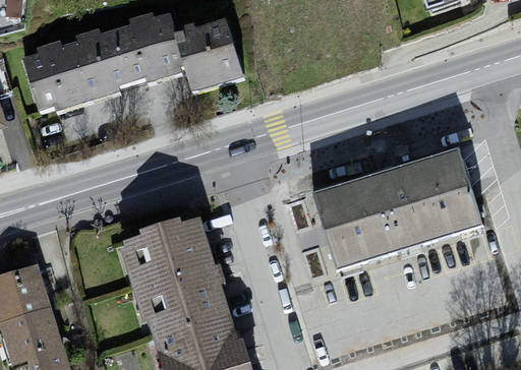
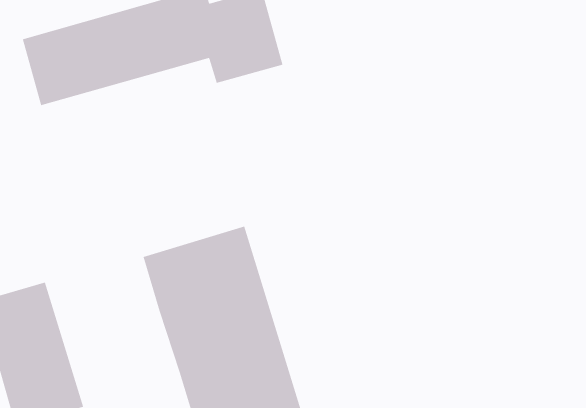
building: [307,152,470,268] -> none

